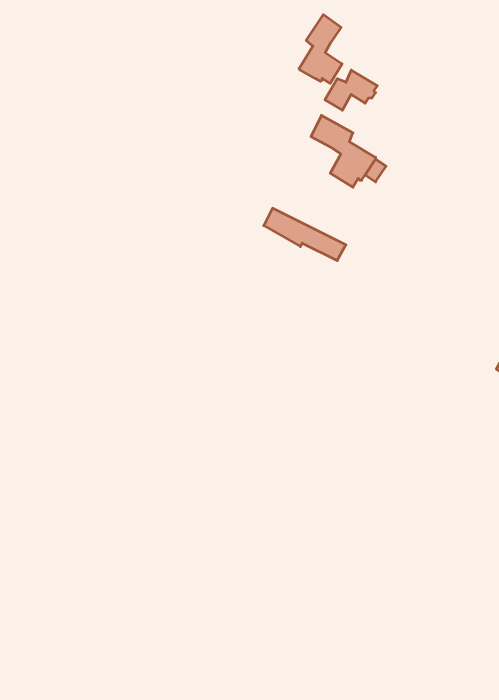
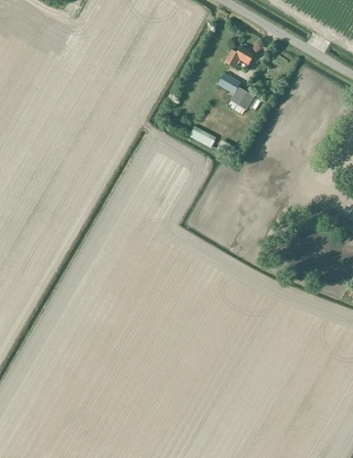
building: [299,15,342,83] -> none

